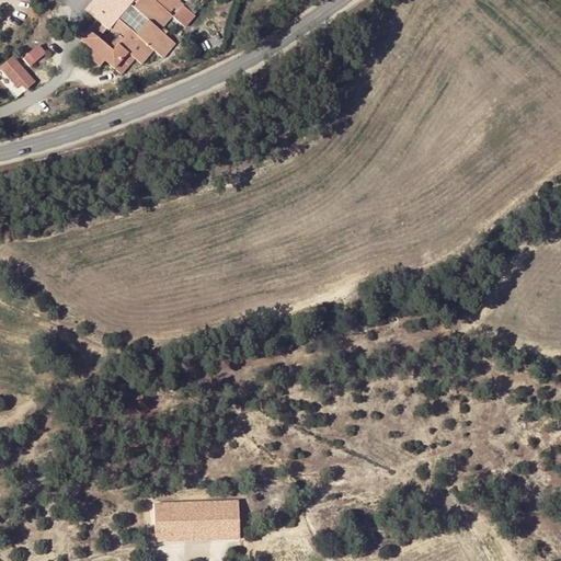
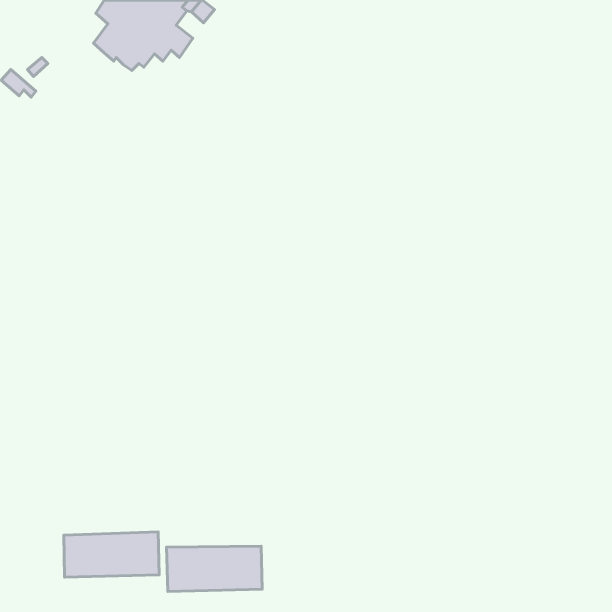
building: none -> [64,532,159,577]

